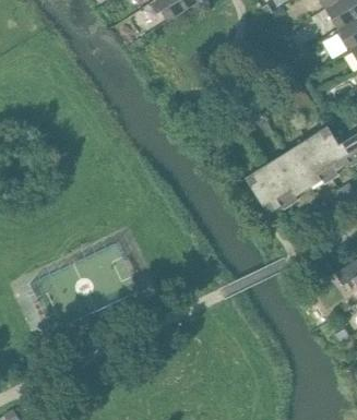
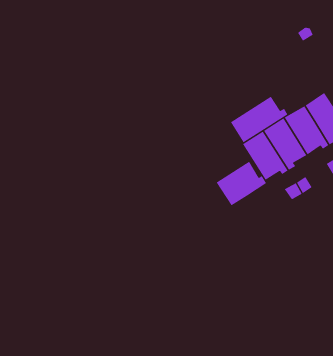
building: none -> [230,96,288,143]
building: none -> [216,161,267,206]

